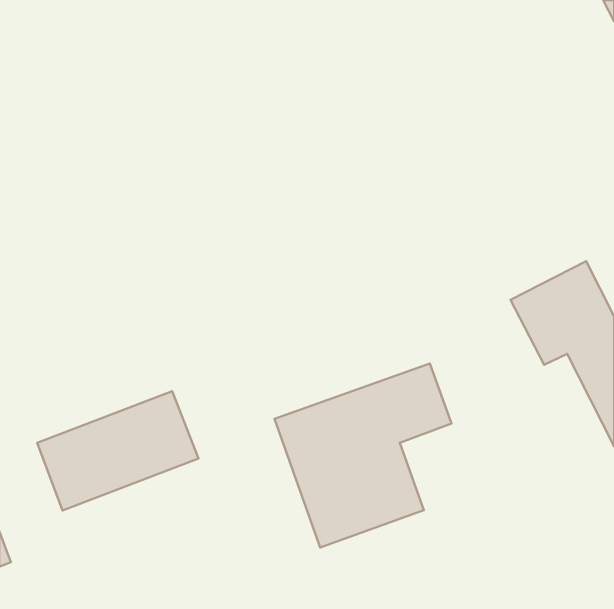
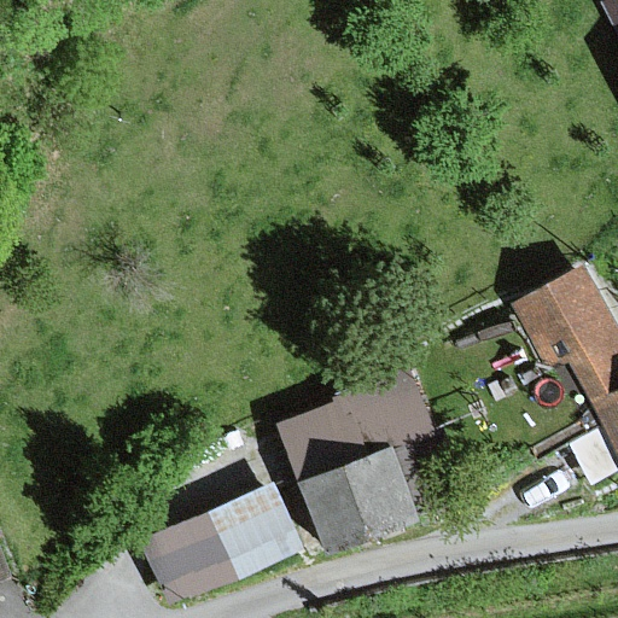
building: [37,391,198,510] -> [144,483,305,602]

